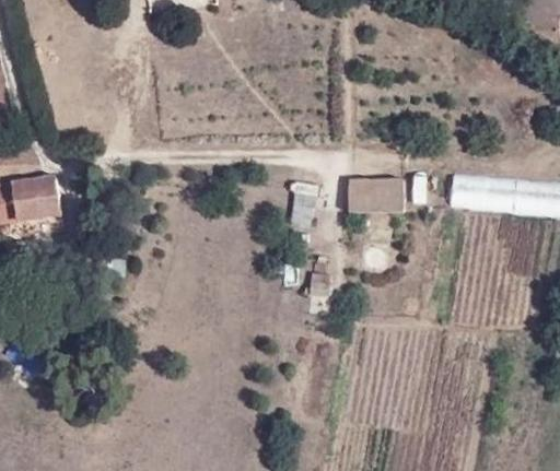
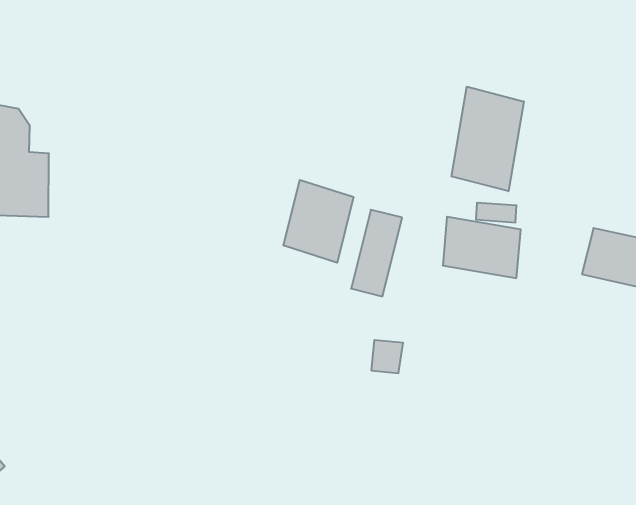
building: none -> [451,87,524,191]
building: none -> [284,180,354,263]

